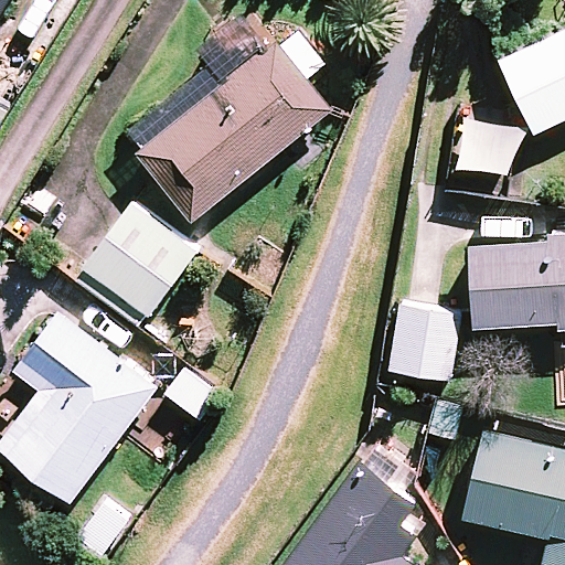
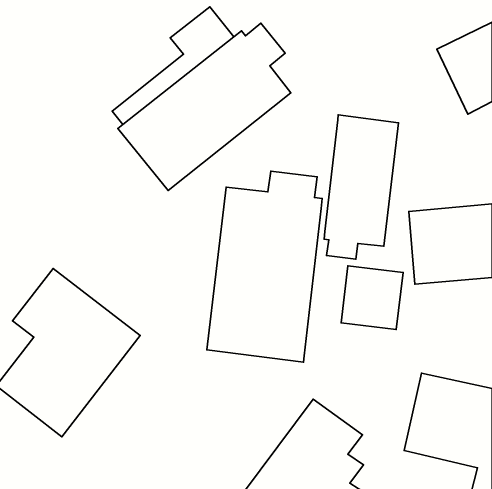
building: none -> [324,115,399,259]
building: none -> [207,171,322,362]
building: [75,206,195,329] -> none

